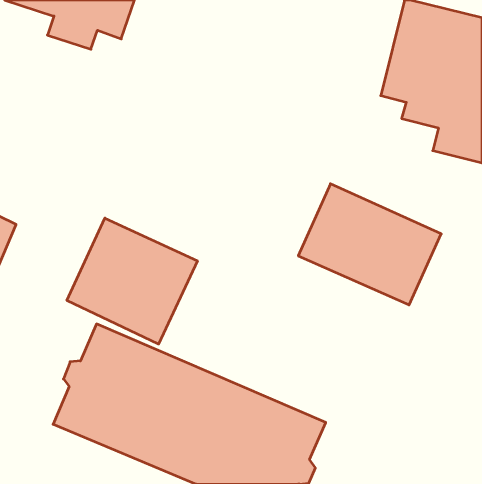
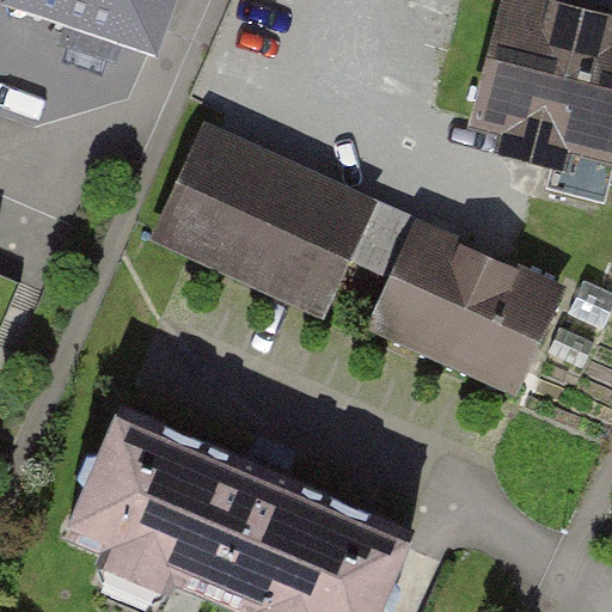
building: none -> [165,137,362,305]
building: [67,218,197,344] -> none

